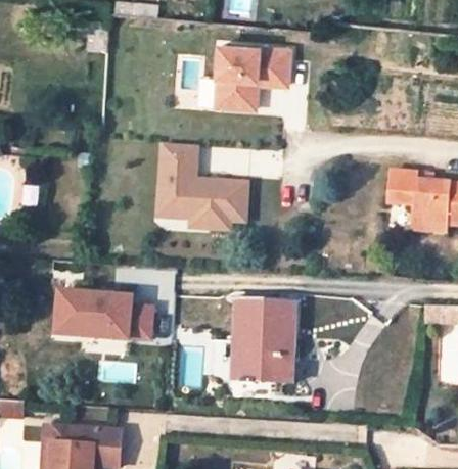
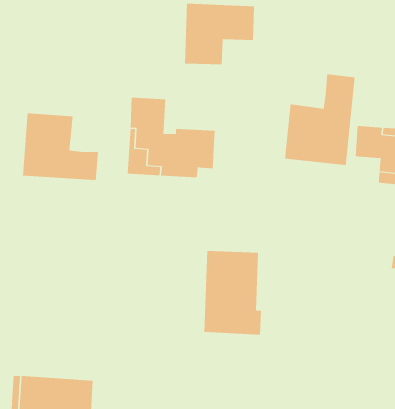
building: none -> [284,73,355,166]
building: none -> [23,113,99,181]
building: [62,296,159,345] -> none

